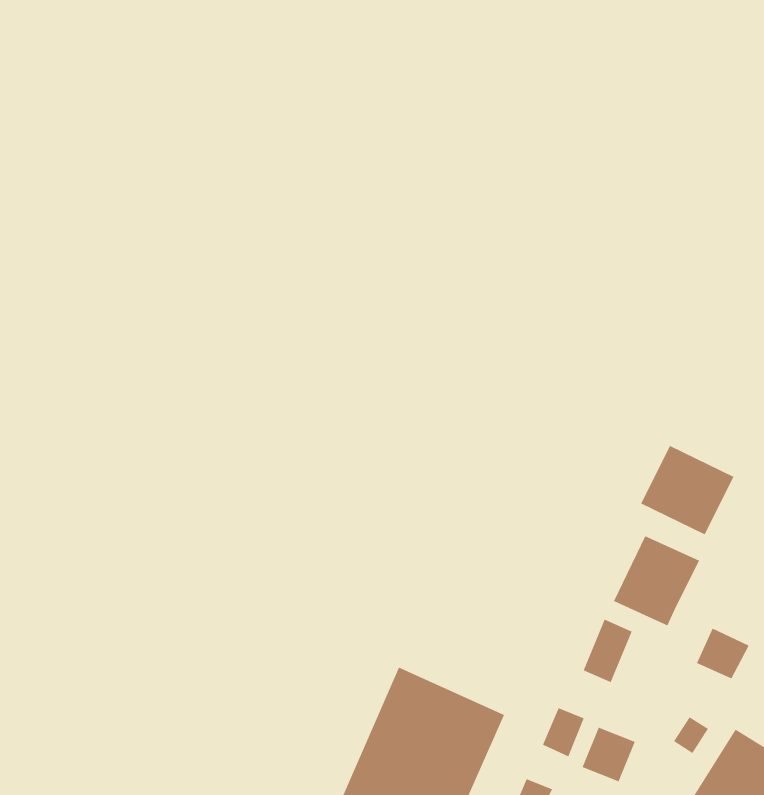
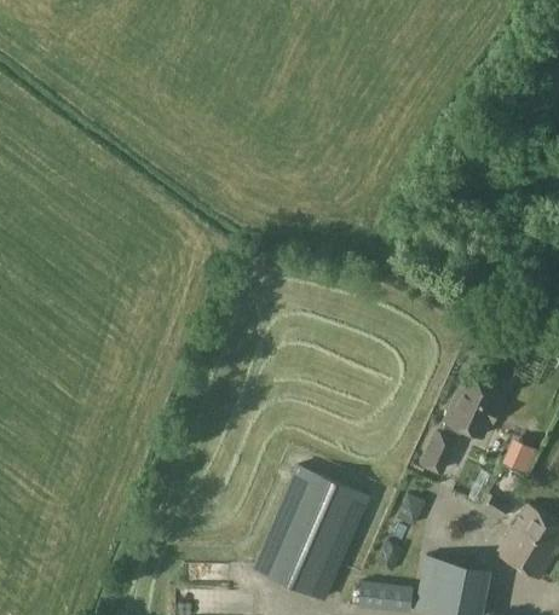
building: [641,445,734,535] -> none
building: [582,727,636,782] -> none

